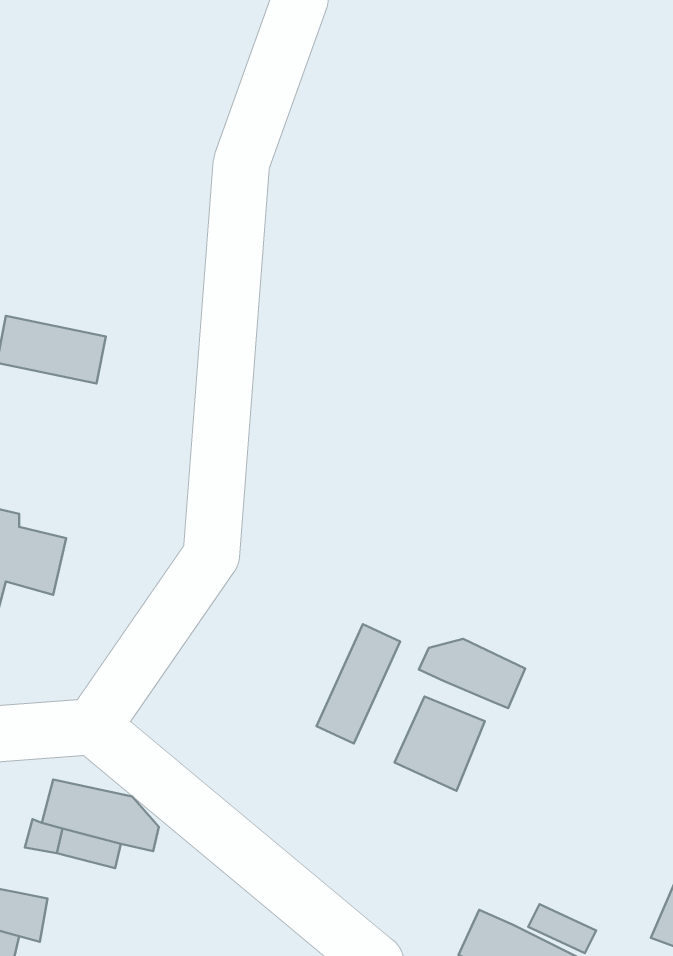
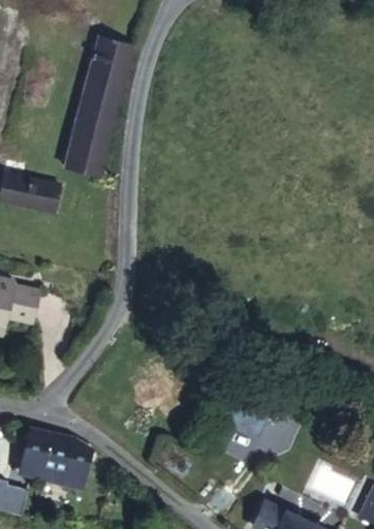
building: none -> [66,37,132,174]
building: [317,624,400,743] -> none
building: [419,639,525,708] -> none

